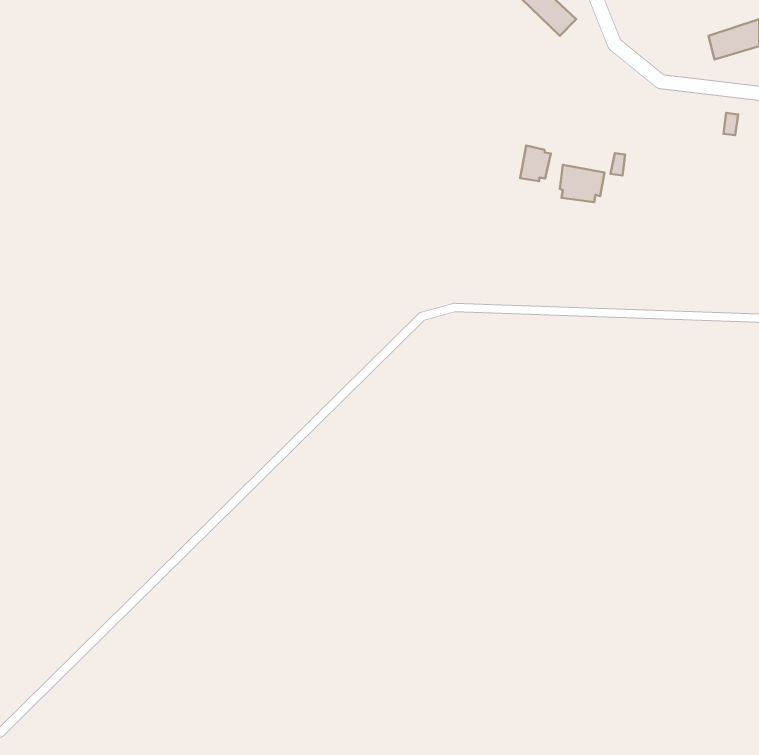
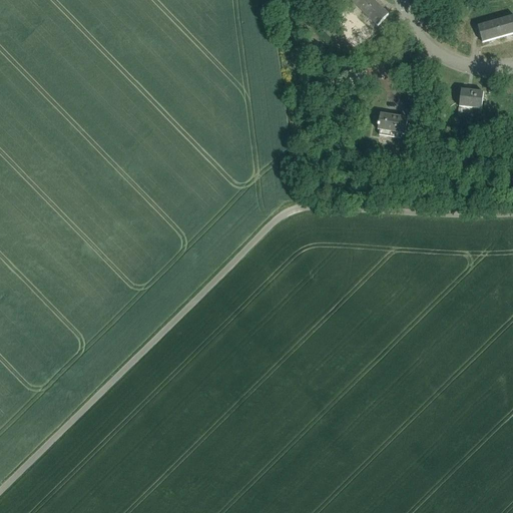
building: none -> [459,87,483,107]
building: [520,146,551,181] -> none

